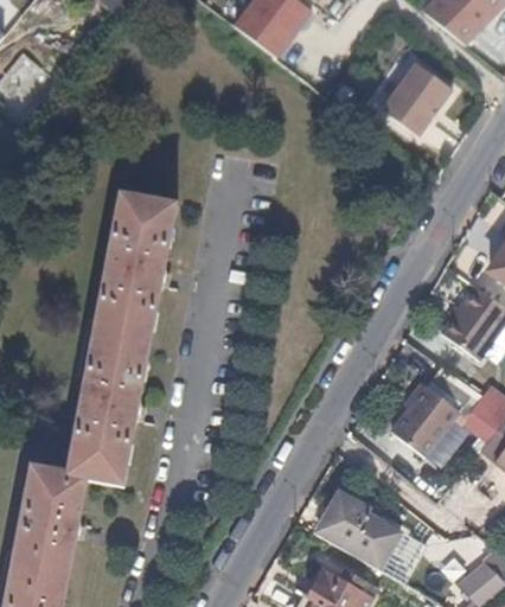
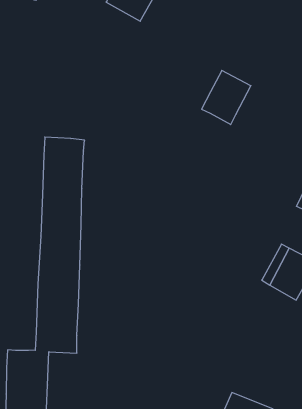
building: [382,59,452,133] -> [202,70,251,125]
building: [317,490,398,568] -> none

